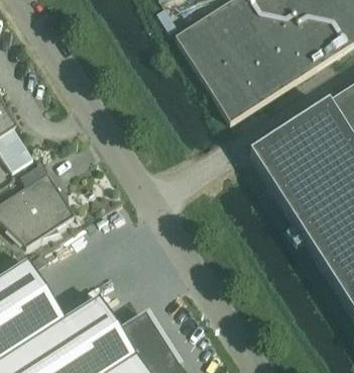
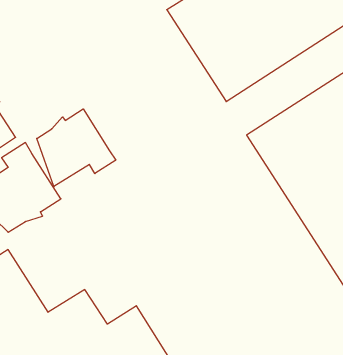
building: none -> [37,109,116,187]

